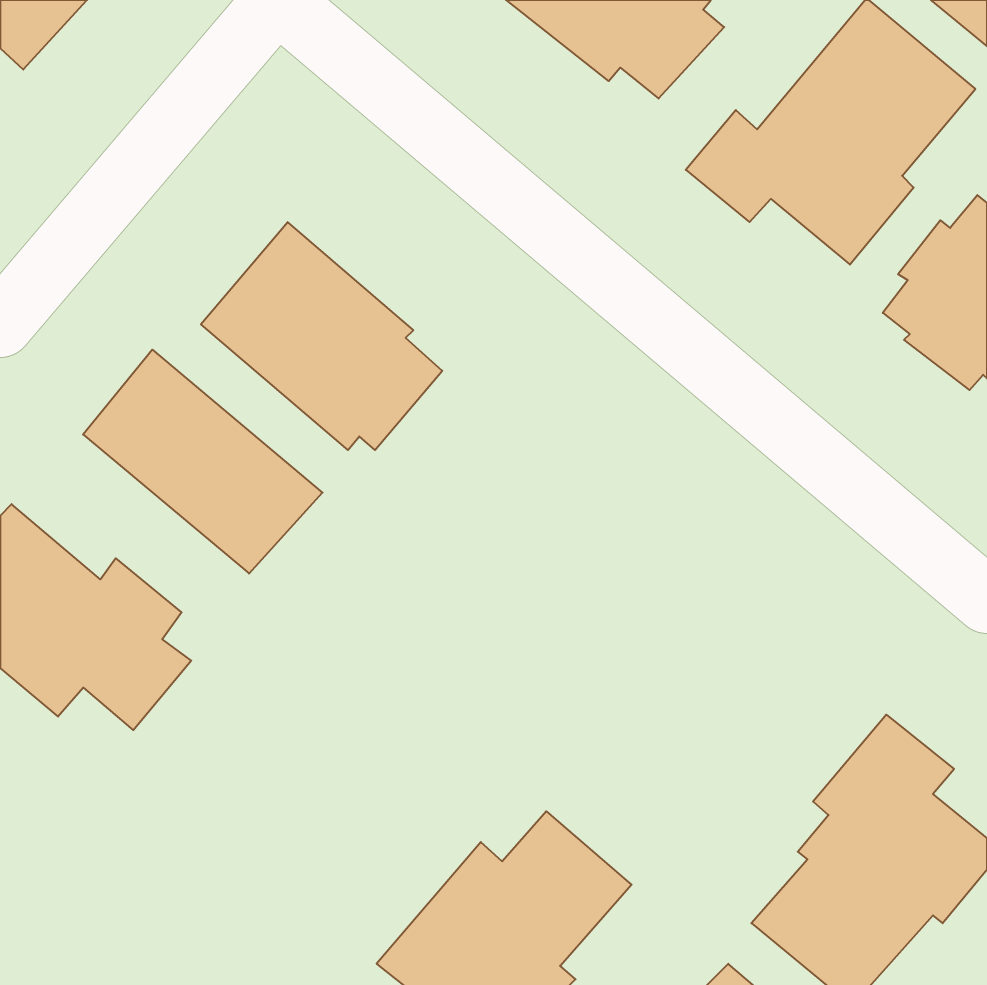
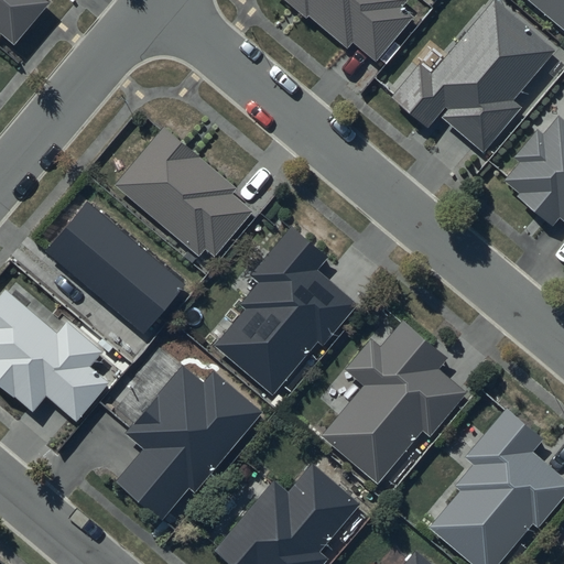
building: none -> [215,227,358,394]
building: none -> [323,318,466,479]
building: none -> [116,366,263,521]

